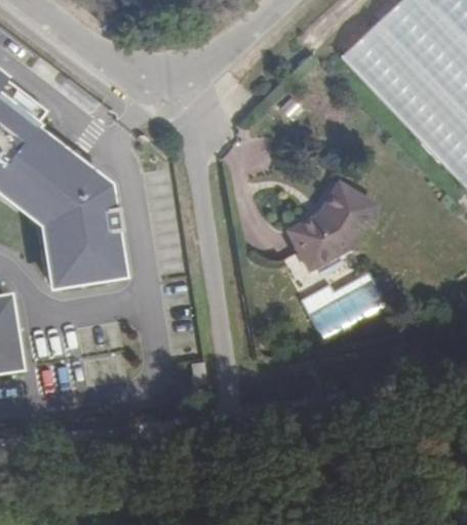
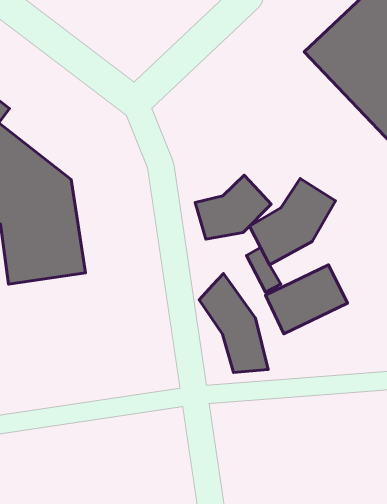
building: none -> [195,175,271,239]
building: none -> [199,273,268,372]

